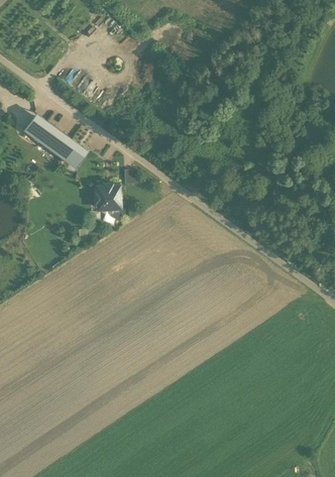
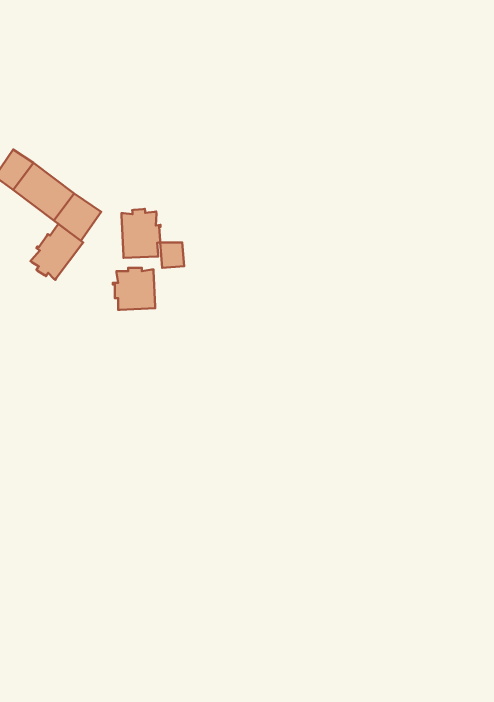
building: none -> [121,209,161,258]
building: none -> [31,224,83,280]

